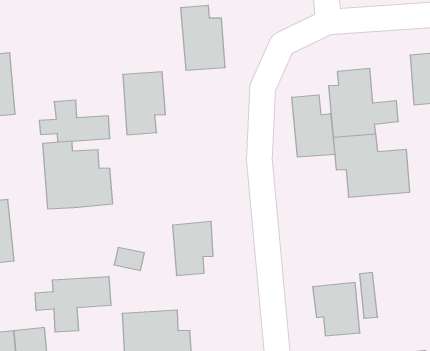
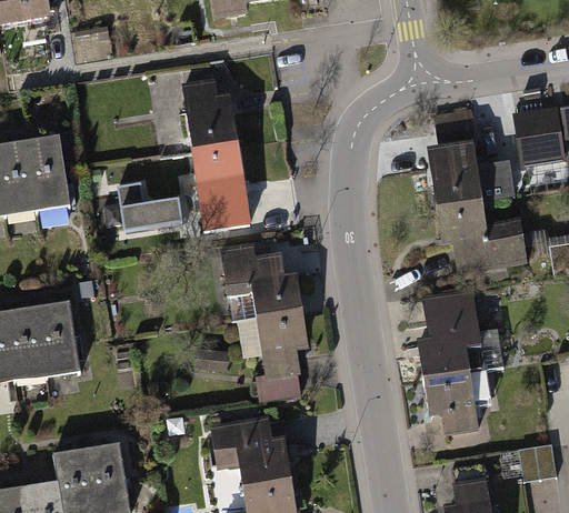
building: [181,5,225,70] -> [182,79,237,153]
building: [292,95,335,157] -> none
building: [43,141,113,209] -> [219,245,302,323]
building: none -> [416,291,478,380]
building: none -> [257,372,301,403]
building: [35,276,111,332] -> none

